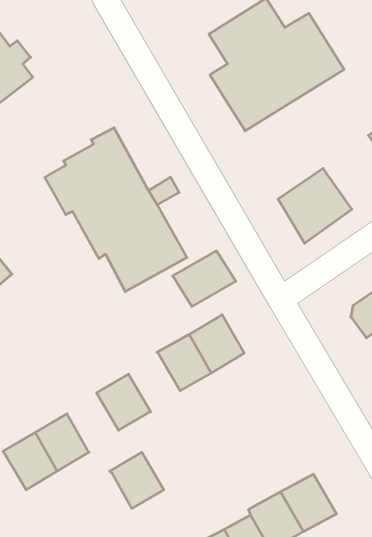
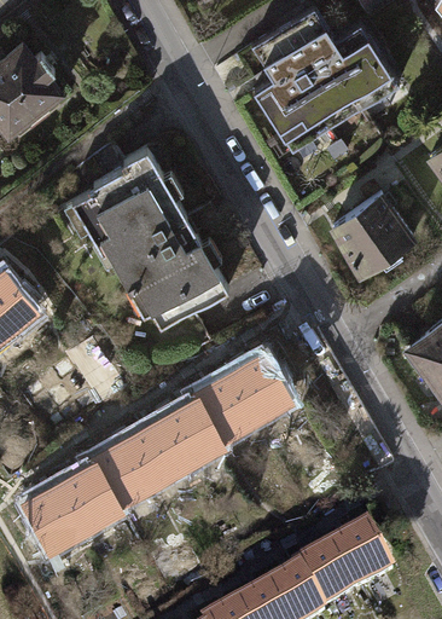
building: [173,251,236,306] -> none
building: none -> [163,400,221,462]
building: [110,452,164,508] -> [93,441,152,503]

